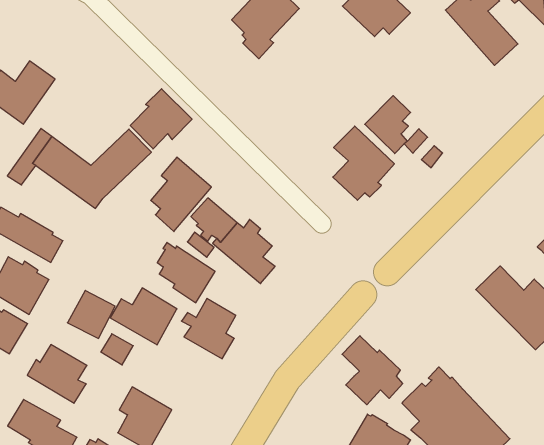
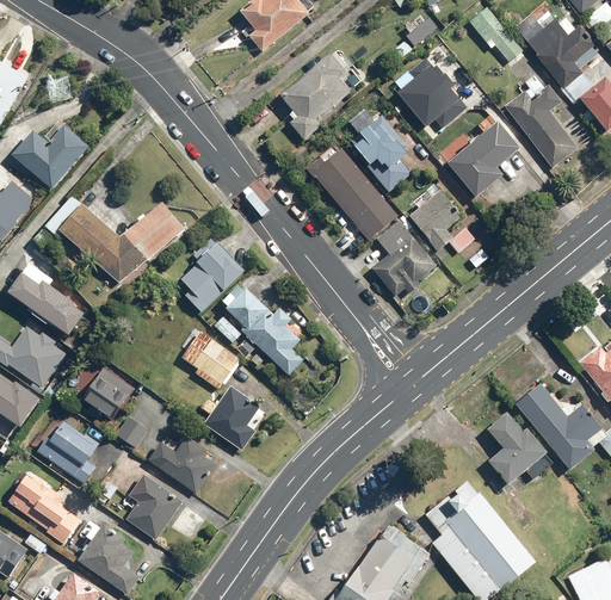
building: none -> [448,115,521,198]
building: none -> [353,115,412,192]
building: none -> [307,143,397,241]
building: [130,89,192,149] -> none
building: [110,288,177,345] -> [149,433,220,494]
building: [342,336,403,405] -> [486,410,547,483]

